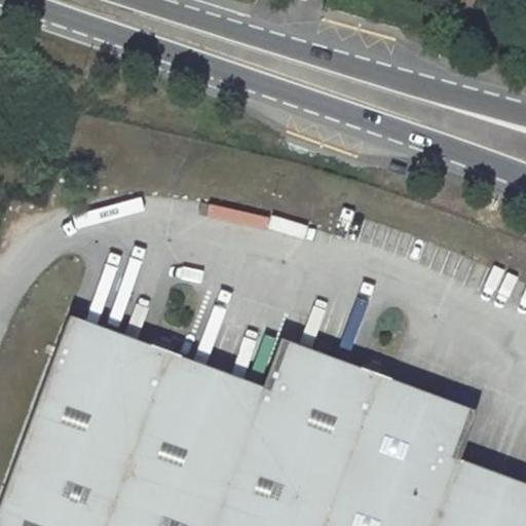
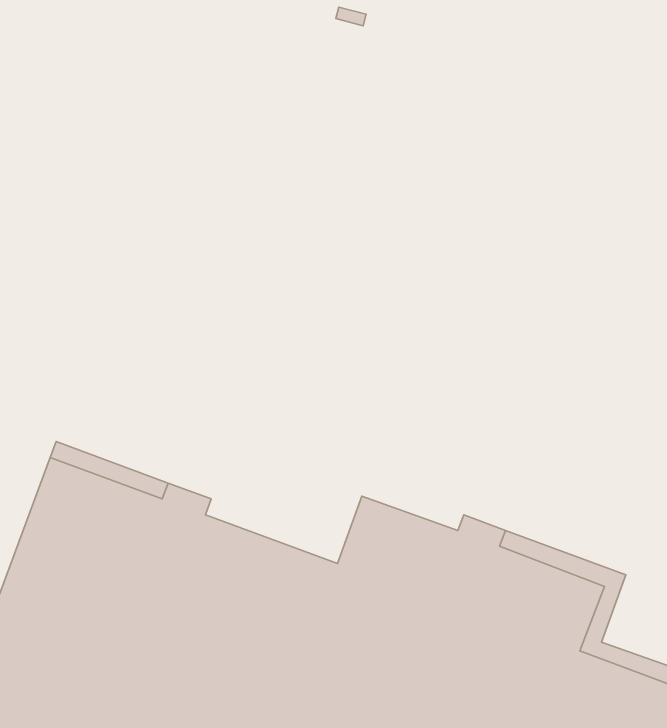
building: [178,341,363,405] -> none

